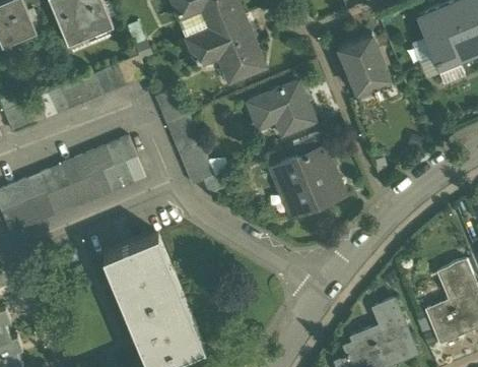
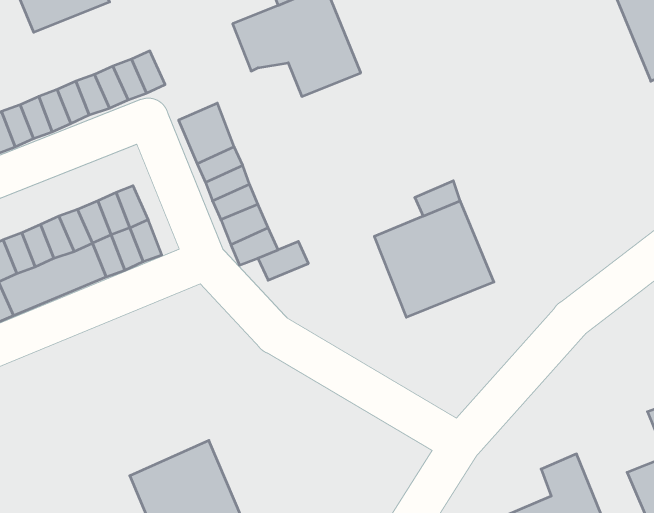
building: [338,36,393,106] -> none
building: [247,80,316,136] -> none
building: [104,238,174,311] -> none

